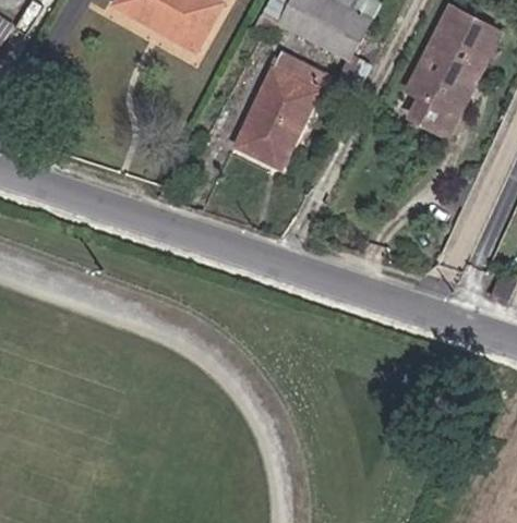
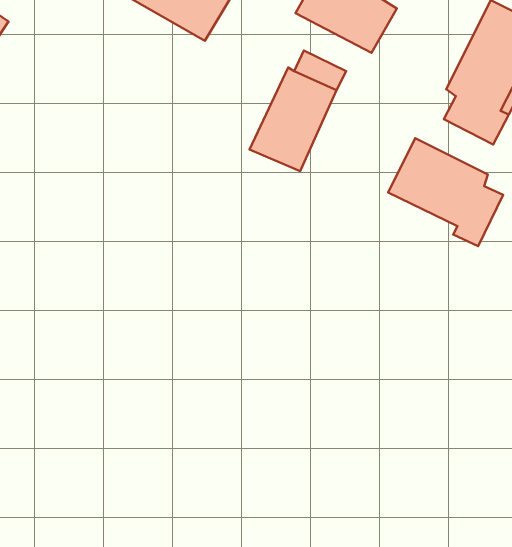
building: none -> [388,138,503,246]

